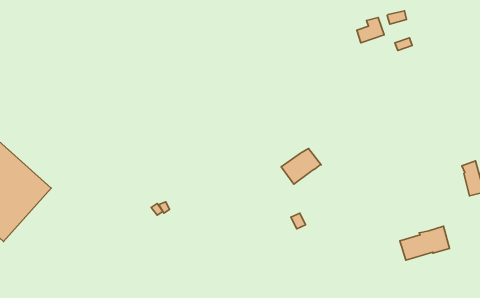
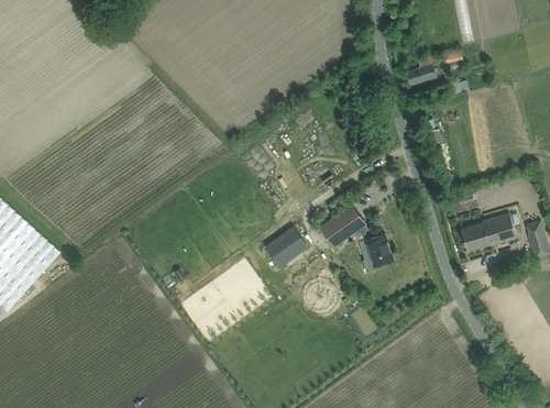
building: none -> [359,224,393,271]
building: none -> [261,228,301,264]
building: [400,226,449,260] -> [460,212,516,251]

